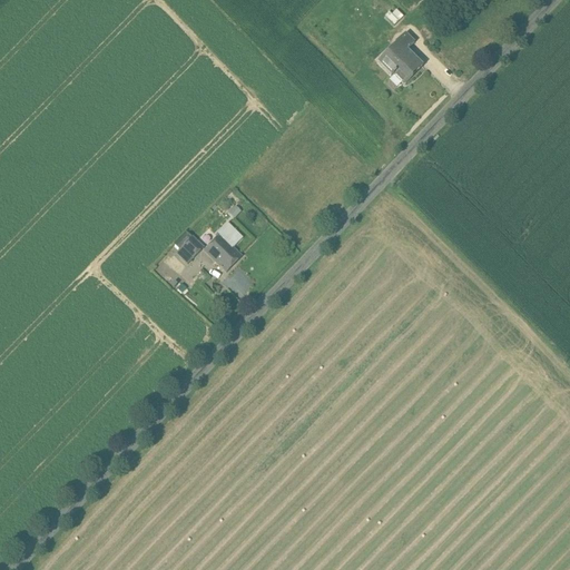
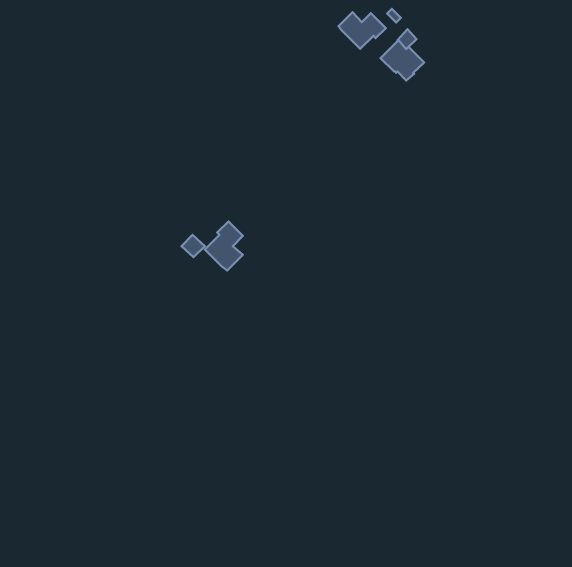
building: none -> [338,12,386,49]

